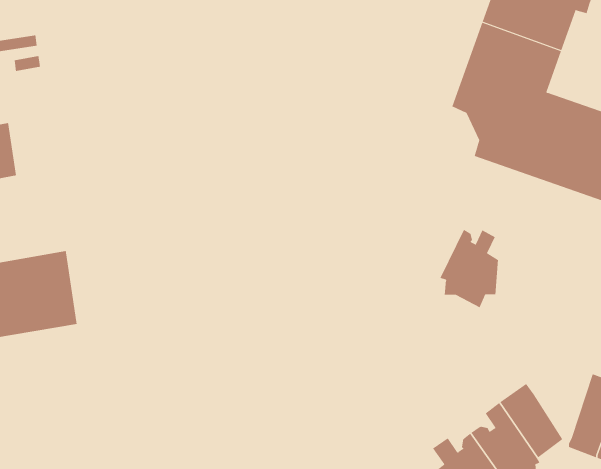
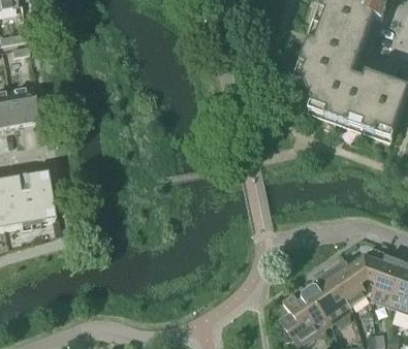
building: none -> [8,86,36,123]
building: [440,229,499,308] -> none
building: none -> [348,247,385,293]

